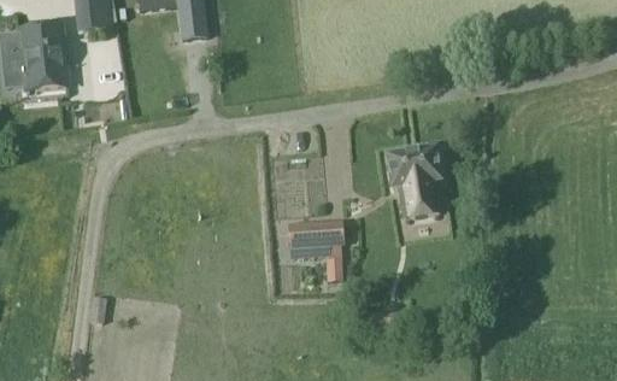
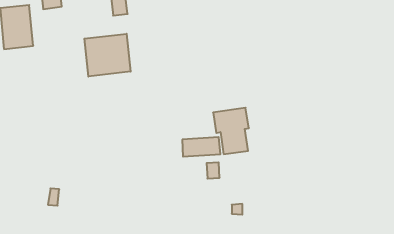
building: none -> [84,34,131,77]
building: [387,150,440,218] -> [213,108,249,154]

